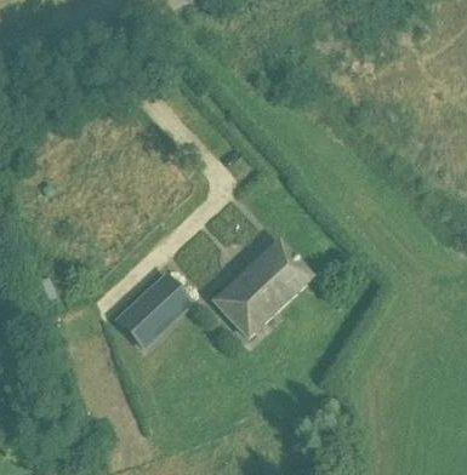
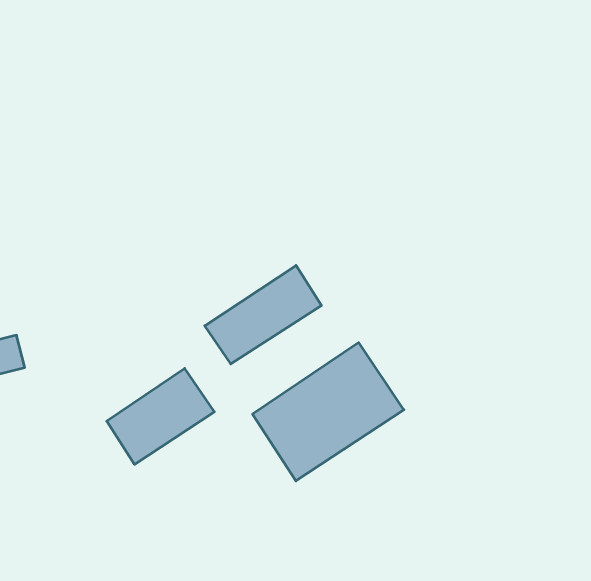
building: none -> [205,265,321,364]

